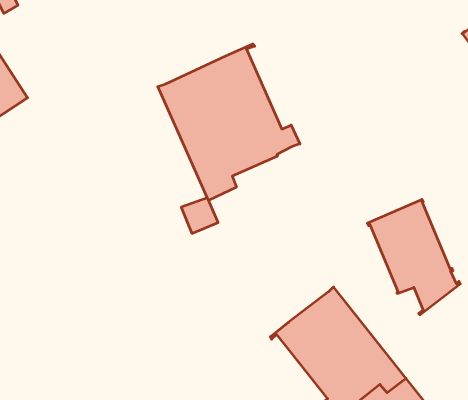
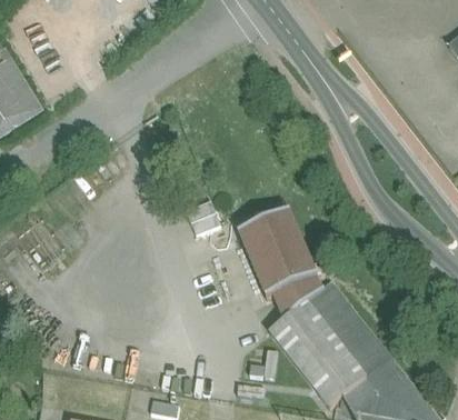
building: [158,44,300,200] -> none
building: [367,199,460,315] -> [237,208,323,316]

